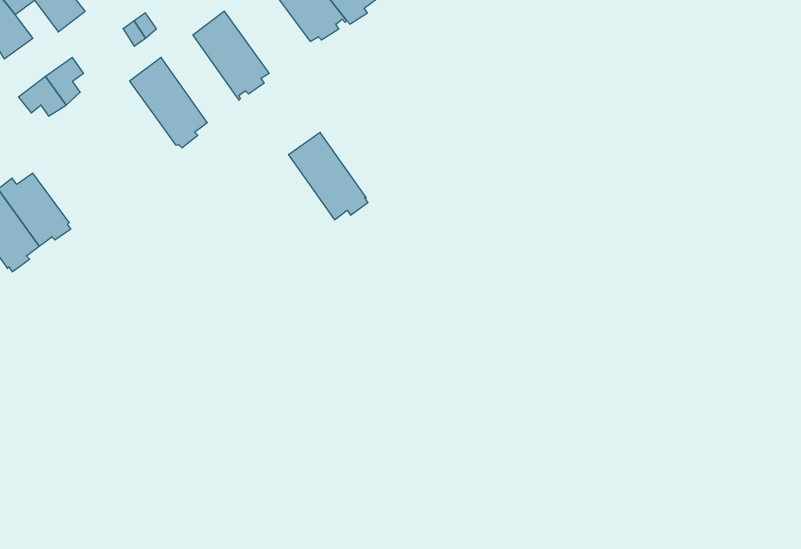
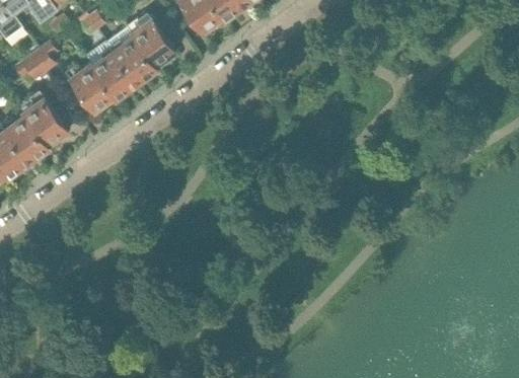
building: none -> [65,64,116,110]
building: [289,132,368,220] -> [106,27,157,83]
building: none -> [18,90,68,147]

